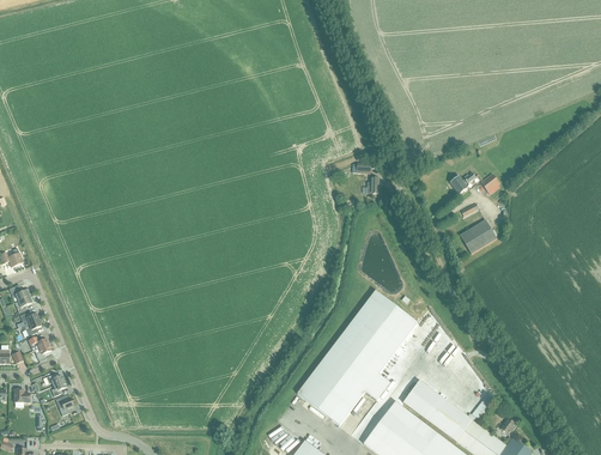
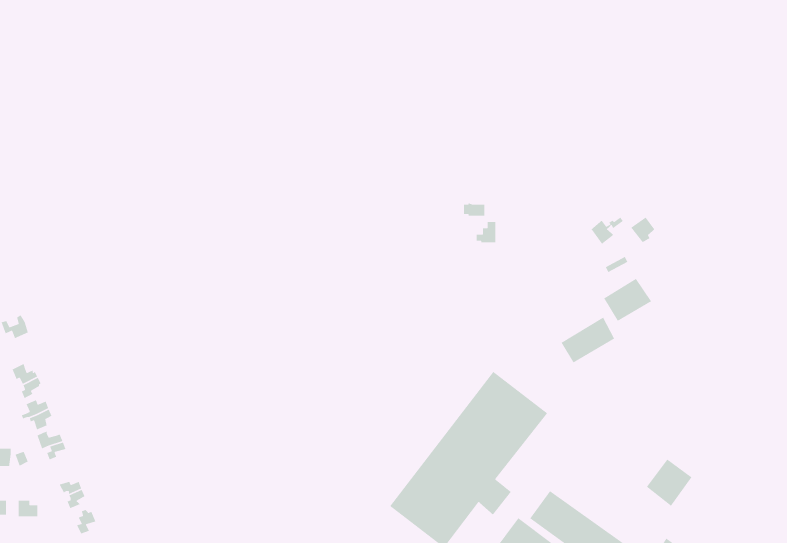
building: none -> [560,316,615,364]
building: none -> [646,459,692,507]

